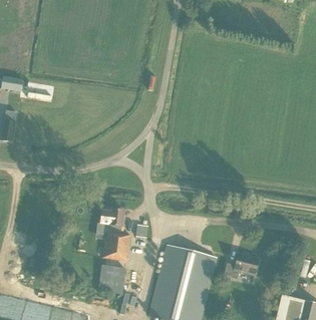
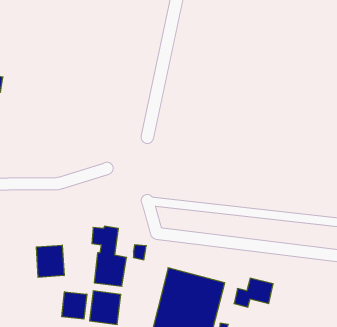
building: none -> [36,245,64,277]
building: none -> [62,292,87,319]

